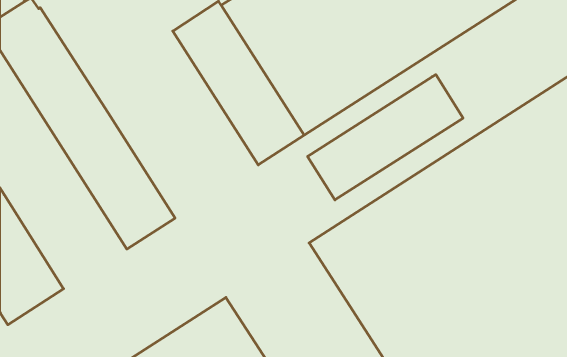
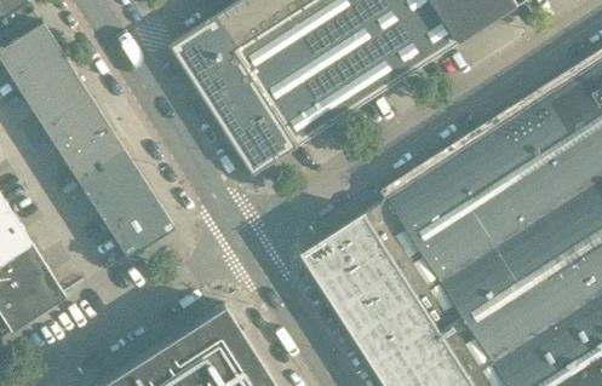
building: [308,75,463,200] -> none

